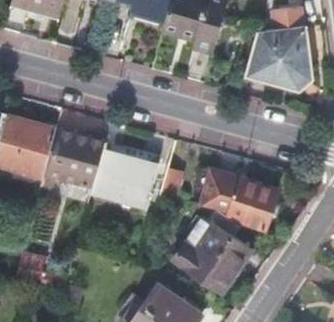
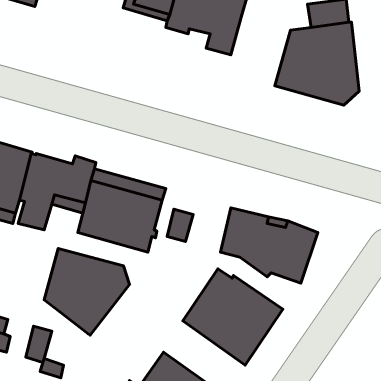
building: none -> [44,248,129,335]

